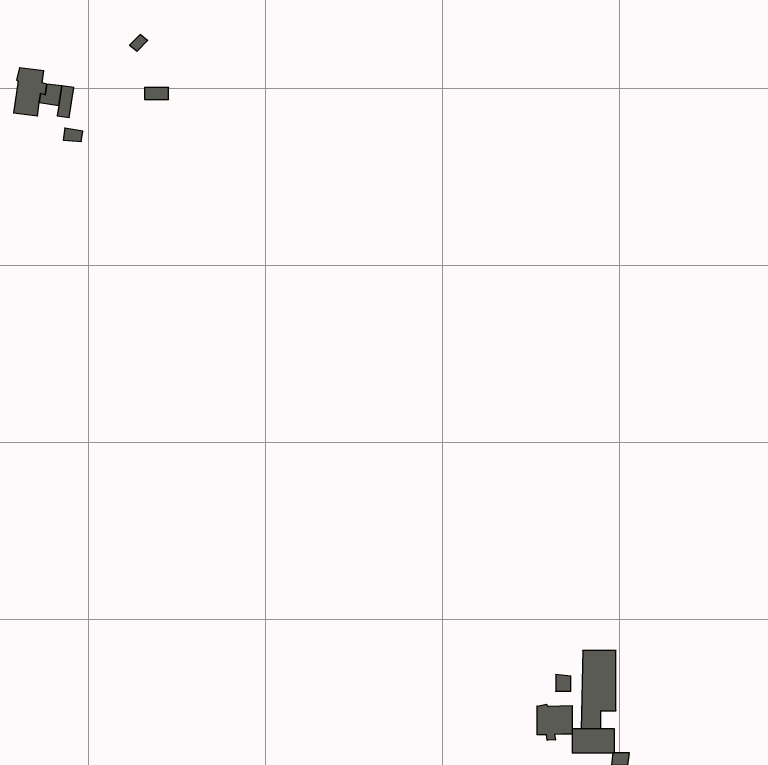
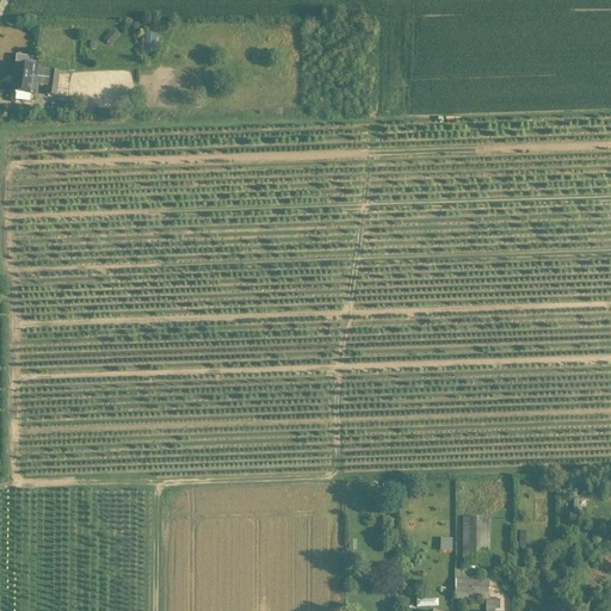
building: [537,704,572,740] -> none

